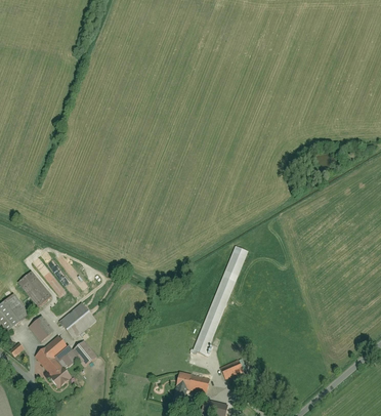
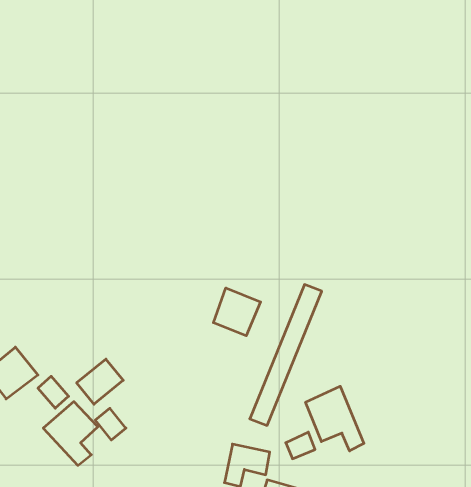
building: none -> [213,288,261,336]
building: [18,272,49,304] -> none
building: none -> [306,386,364,451]

